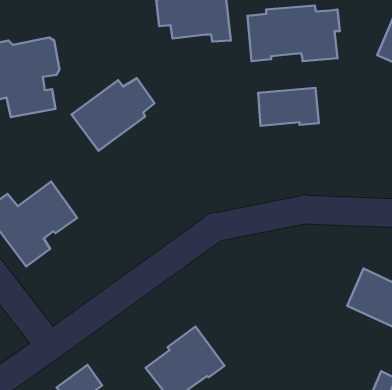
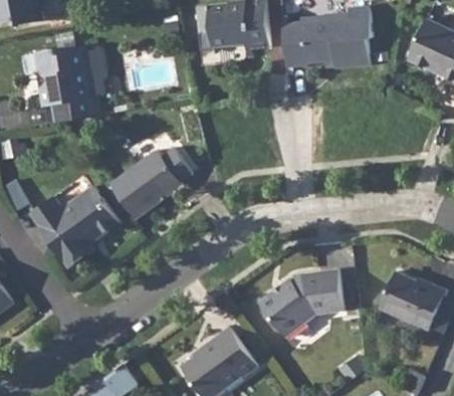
building: [71,78,154,151] -> [109,150,190,220]
building: [258,88,319,126] -> none
building: none -> [260,267,344,335]

